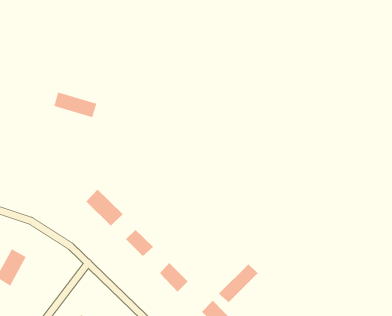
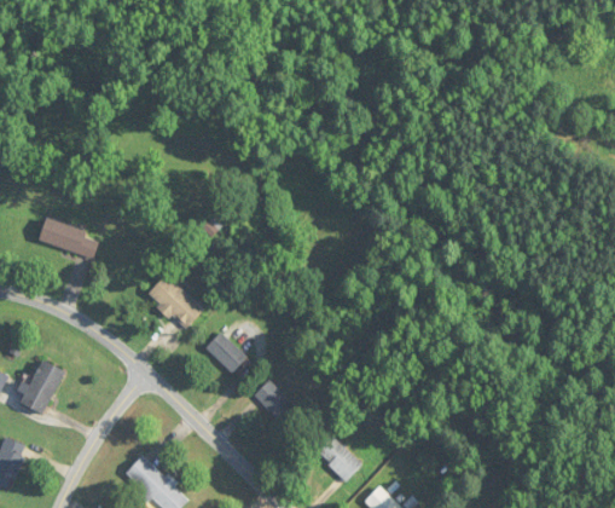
building: [53,92,97,118] -> [37,220,100,258]
building: [218,263,258,303] -> none

